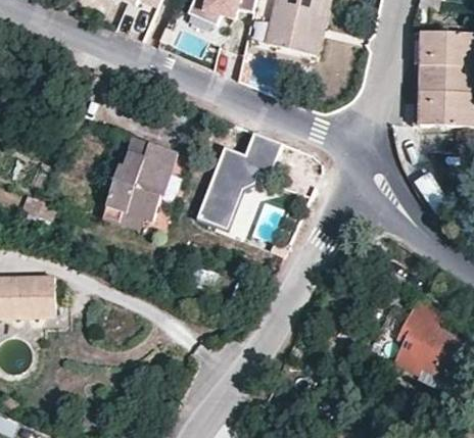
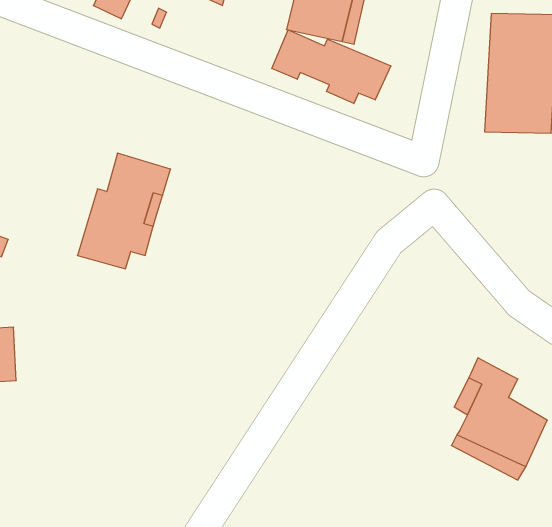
building: none -> [272,30,391,104]
building: [194,130,291,237] -> none

